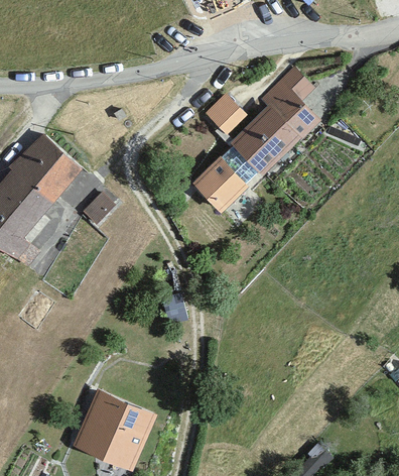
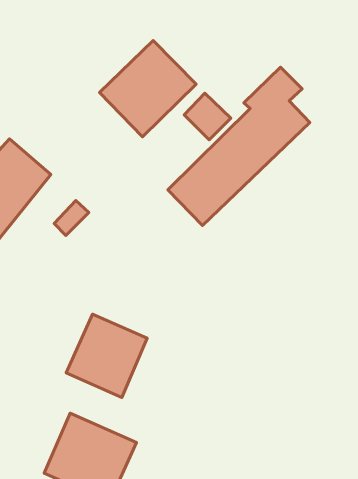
building: none -> [99,41,196,137]
building: none -> [66,314,147,397]

